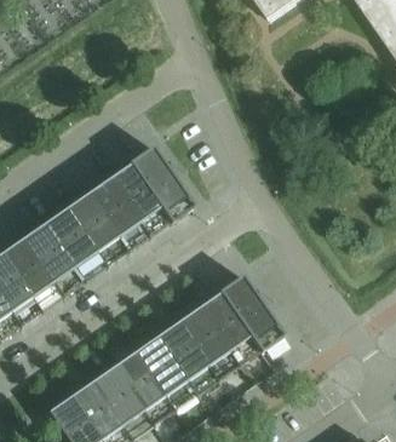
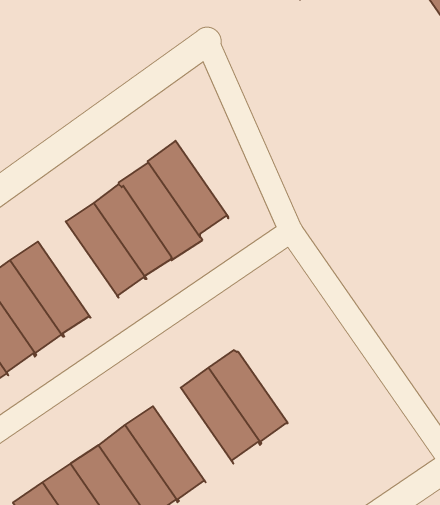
building: [64,191,127,266] -> [148,141,228,237]
building: [217,274,282,351] -> none
building: [154,321,217,395] -> none

